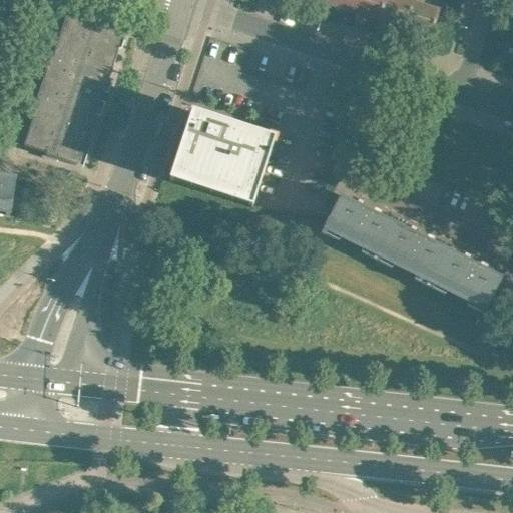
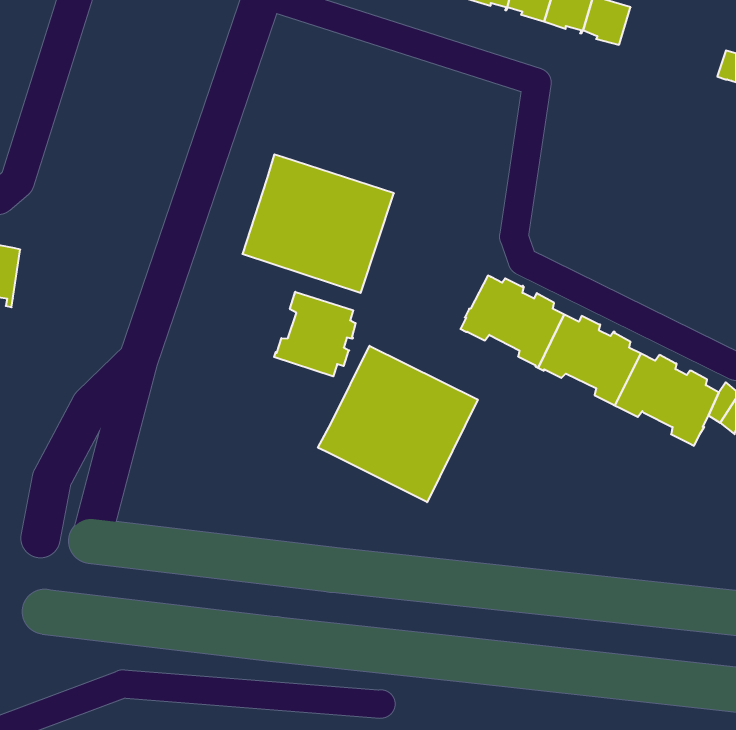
building: [23,8,126,163] -> none
building: none -> [274,292,356,376]
building: none -> [318,346,478,502]

